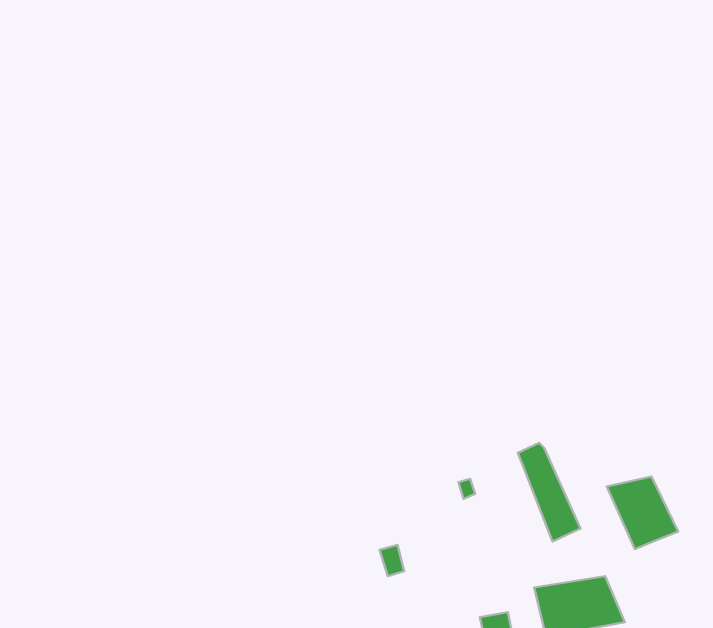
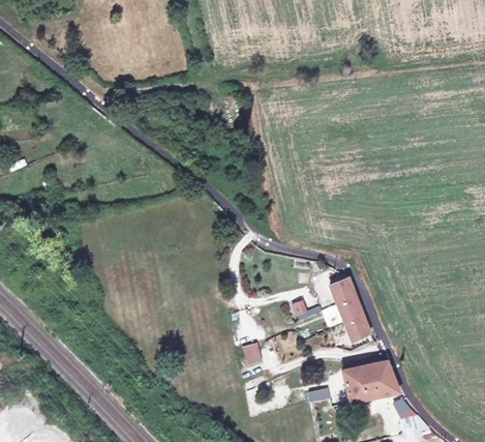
building: [607,477,678,549] -> none

